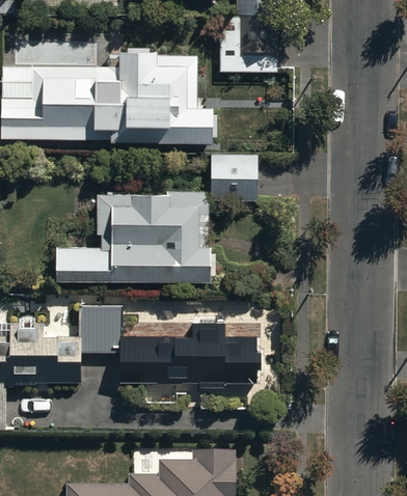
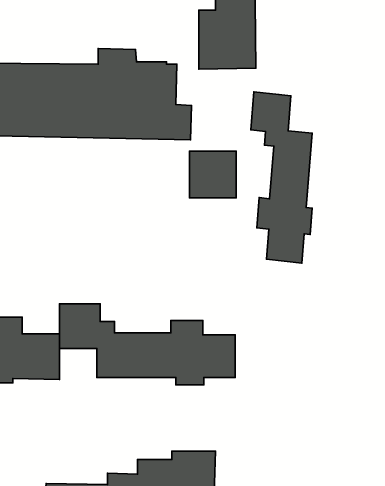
building: none -> [251,92,312,263]
building: [56,191,215,280] -> none

